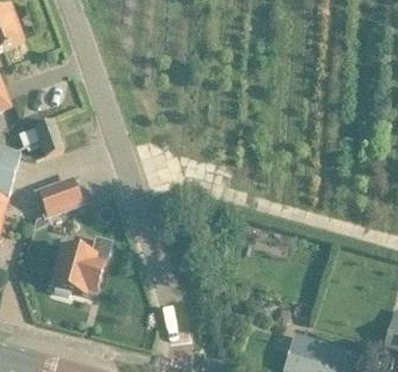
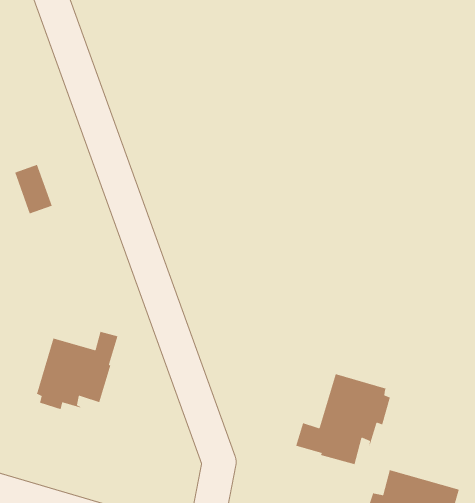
building: [36,176,81,217] -> none
building: none -> [295,373,391,465]

